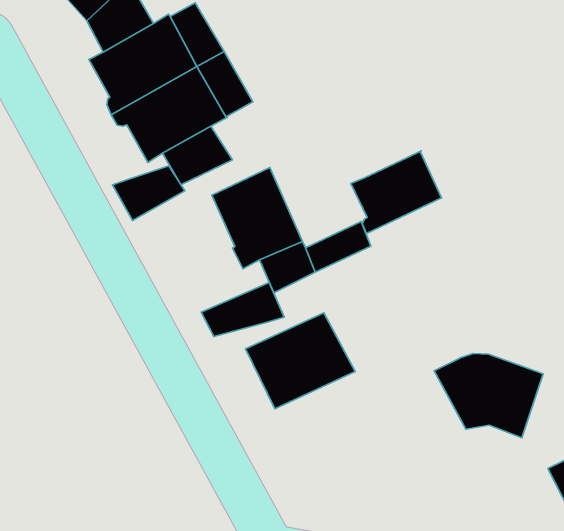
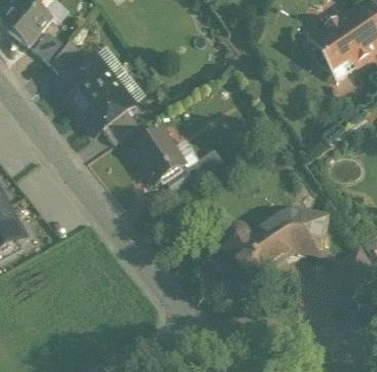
building: [351,151,442,234] -> none
building: [113,166,185,220] -> none
building: [201,282,284,337] -> none
building: [246,313,355,409] -> [228,223,289,278]

